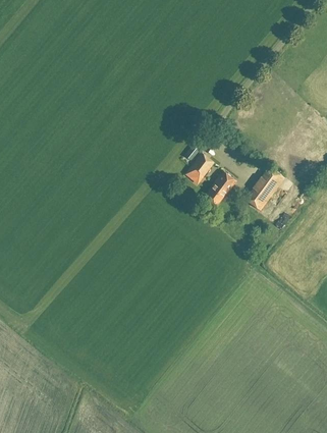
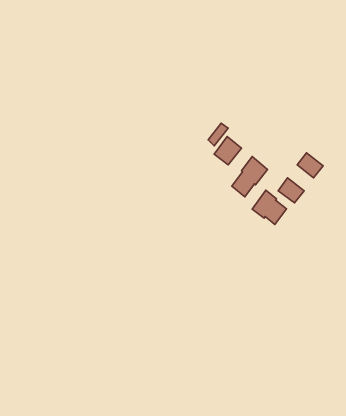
building: none -> [252,190,286,225]

